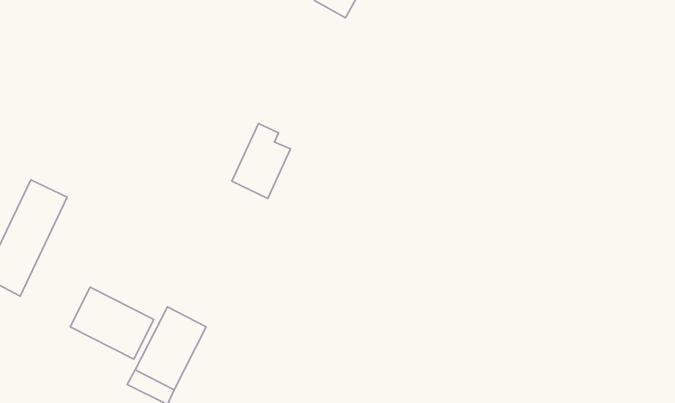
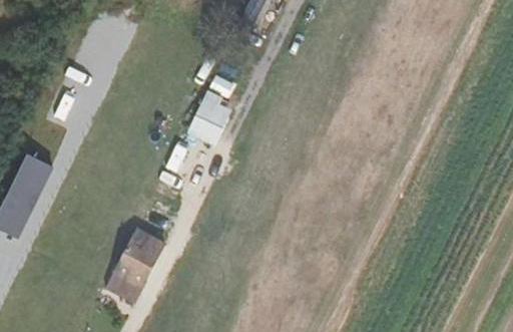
building: [70,287,154,359] -> none

